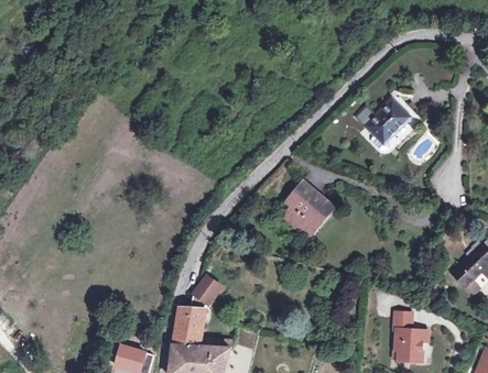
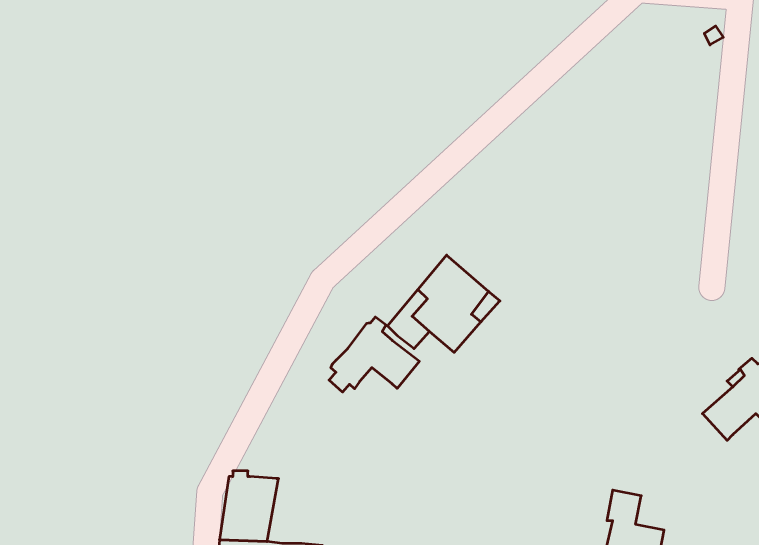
building: [356,98,411,153] -> none
building: none -> [329,317,419,392]
building: [189,275,220,309] -> none

